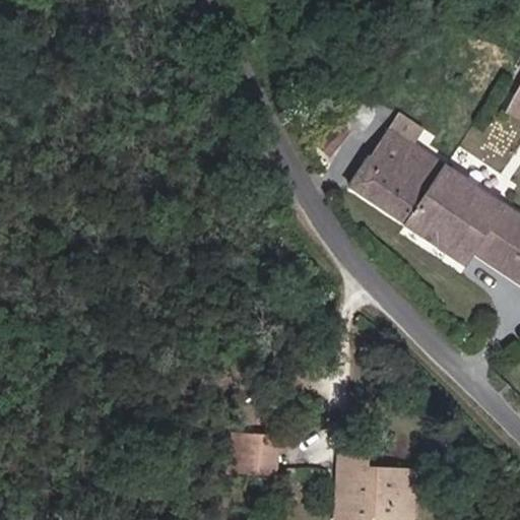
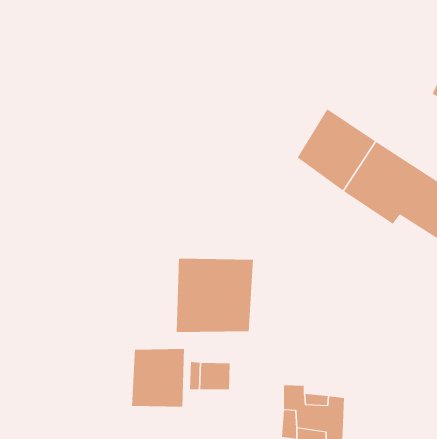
building: none -> [176,258,253,333]
building: none -> [131,348,184,407]

